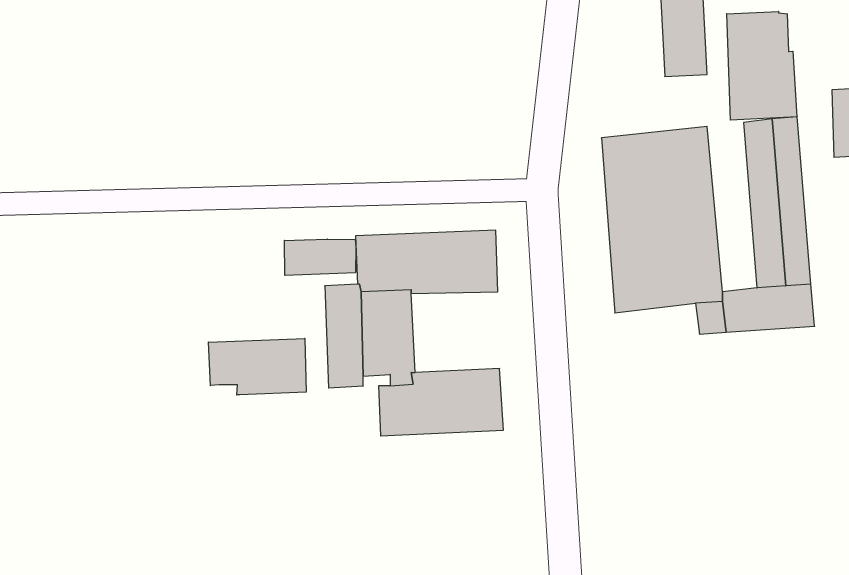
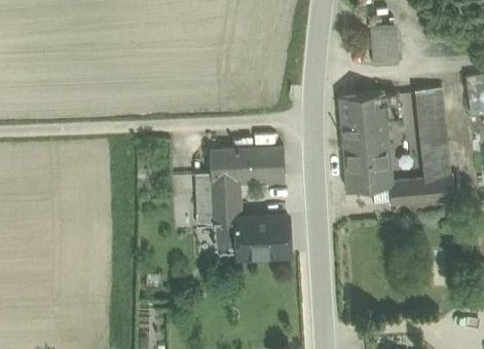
building: [727,11,797,120] -> none
building: [284,239,356,275] -> none
building: [208,338,306,395] -> none

